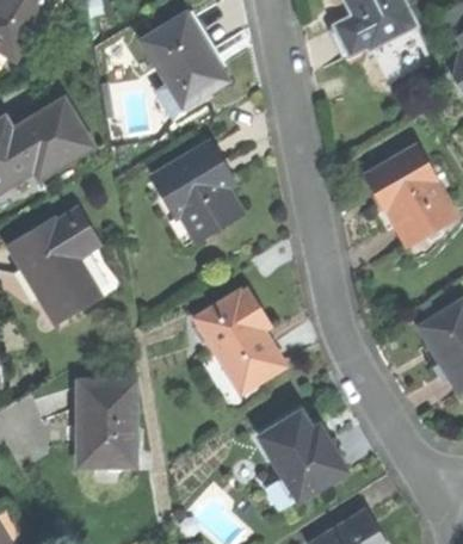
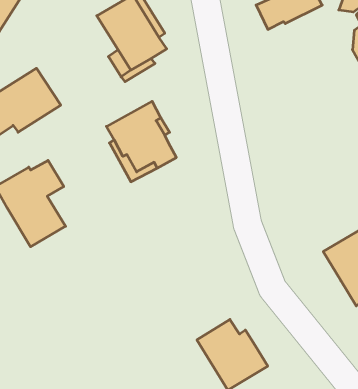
building: [363,147,450,245] -> none
building: [190,289,280,391] -> none
building: [82,382,137,464] -> none

